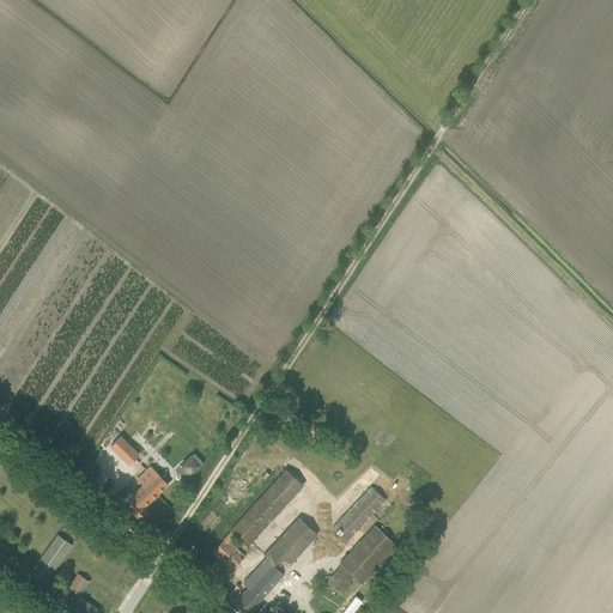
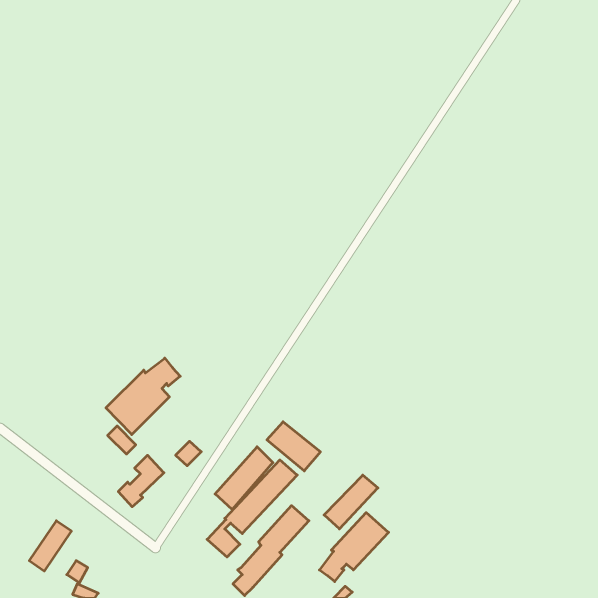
building: none -> [106,358,180,435]
building: none -> [267,422,320,471]
building: none -> [215,447,273,510]

